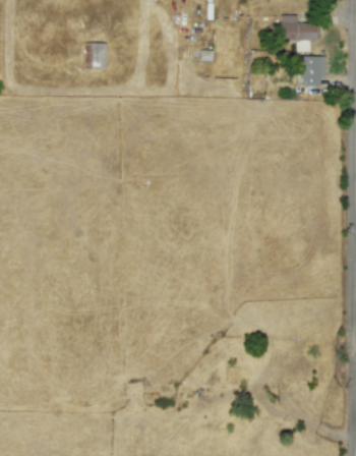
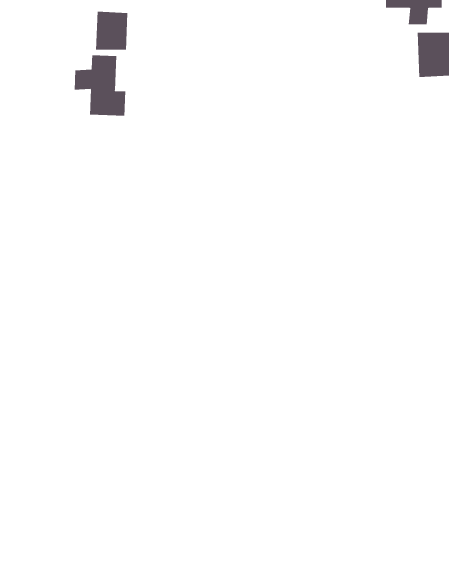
building: none -> [74,55,126,116]

